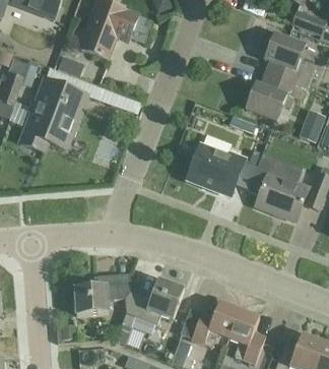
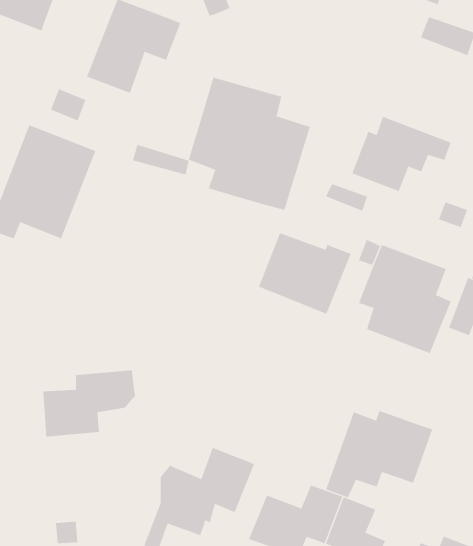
building: [263,33,316,89] -> none
building: none -> [188,77,311,211]
building: none -> [326,410,433,498]
building: [74,273,132,315] -> [42,370,136,437]

